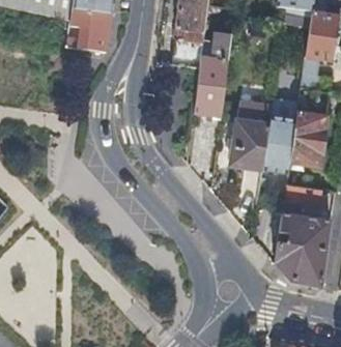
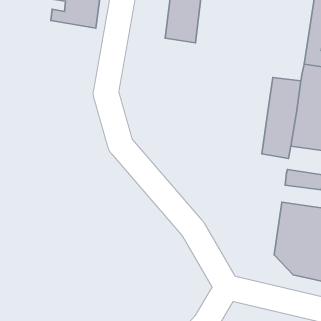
building: [196,42,231,114] -> none
building: [230,99,272,169] -> none

